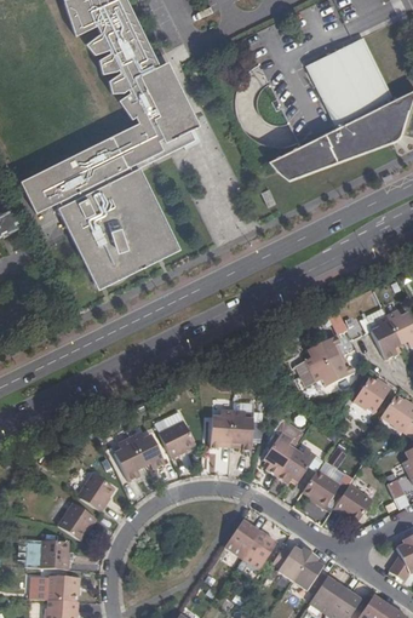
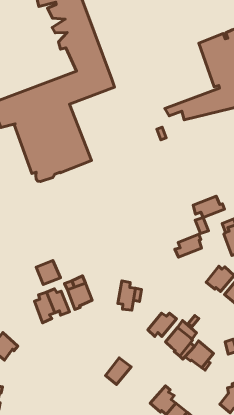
building: [309,354,354,385] -> [193,196,225,217]
building: none -> [36,261,61,284]
building: [210,410,233,450] -> none
building: [263,434,293,476] -> none
building: [76,471,113,511] -> none
building: [240,531,275,570] -> none
building: [270,547,309,579] -> none

